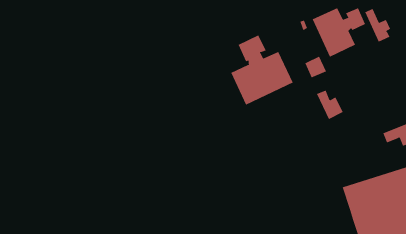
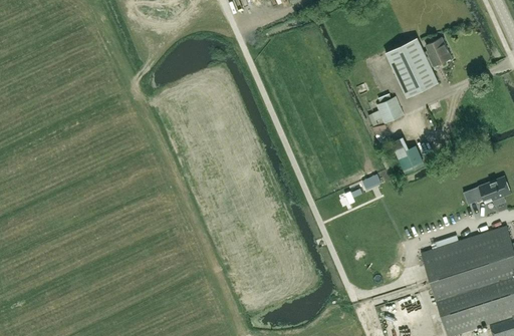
building: [365,8,391,42] -> none
building: [230,35,294,106] -> none

